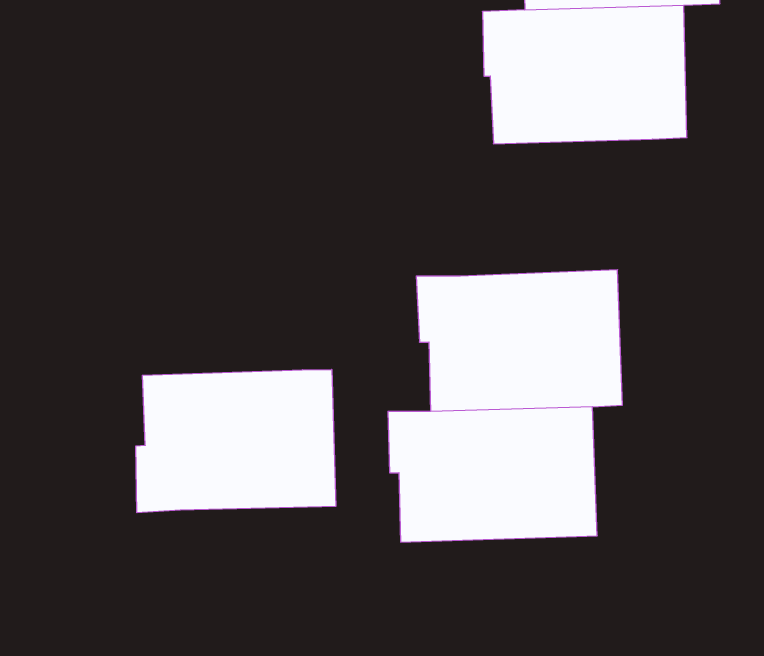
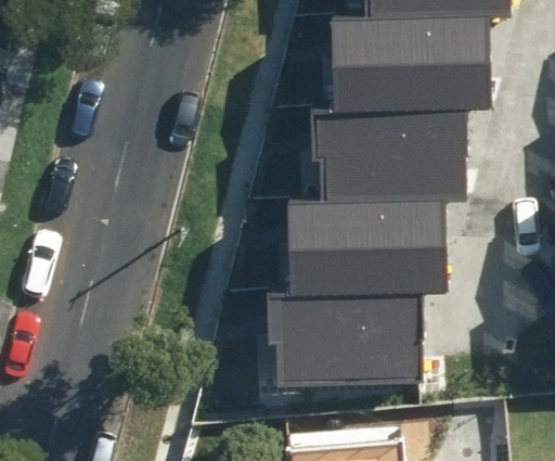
building: none -> [313,100,456,194]
building: [136,369,336,513] -> none

